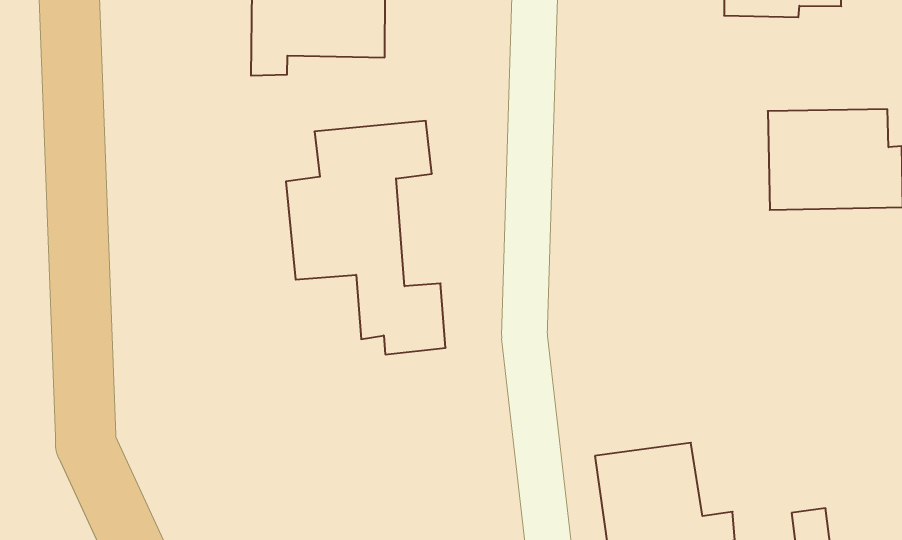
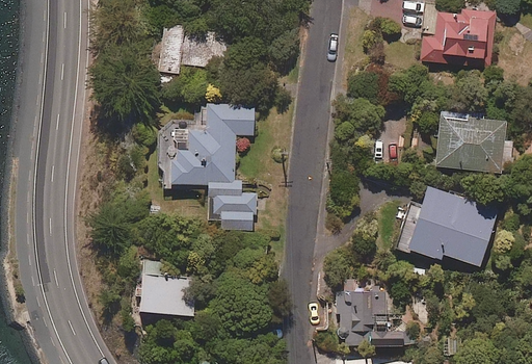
building: none -> [409,188,497,265]
building: none -> [145,260,195,316]

